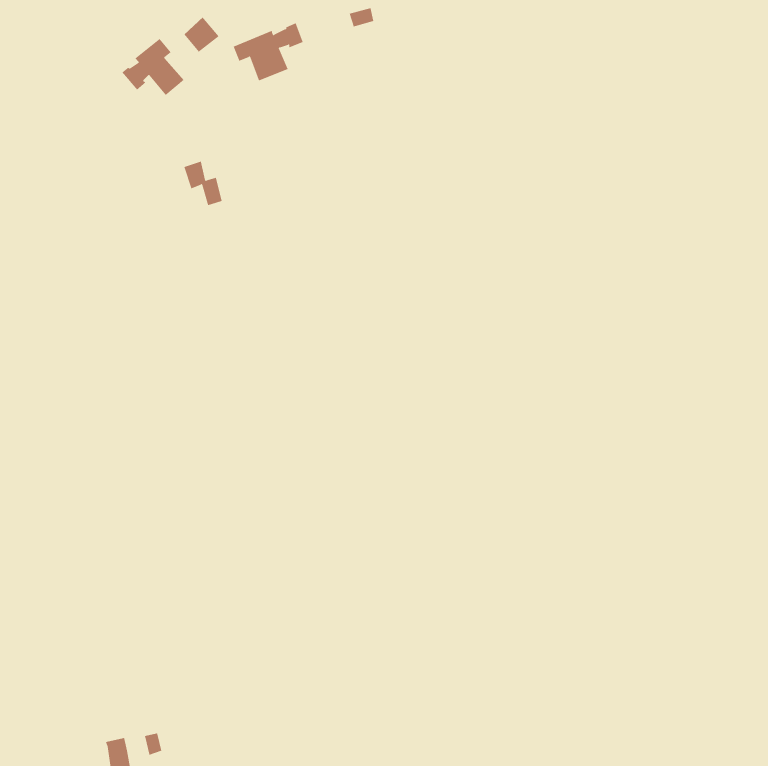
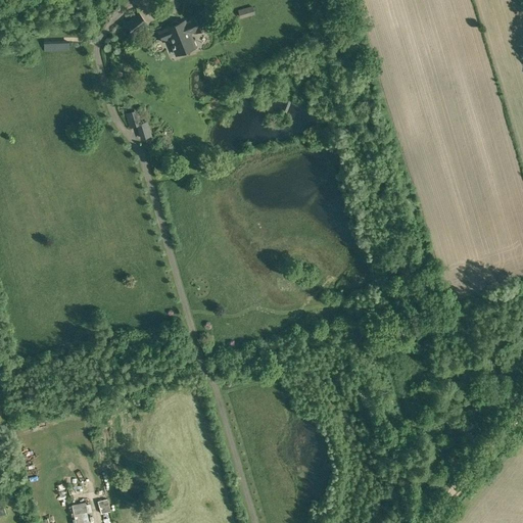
building: [121,38,184,96] -> none

